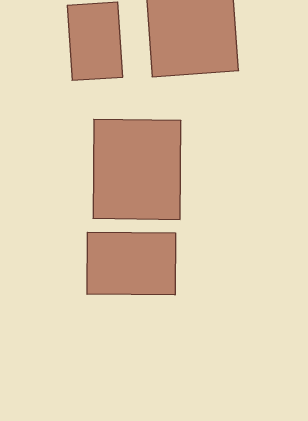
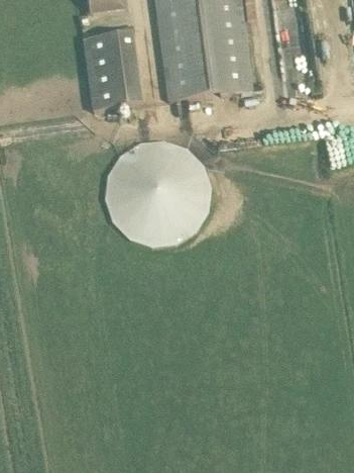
building: [87,232,175,295] -> none

